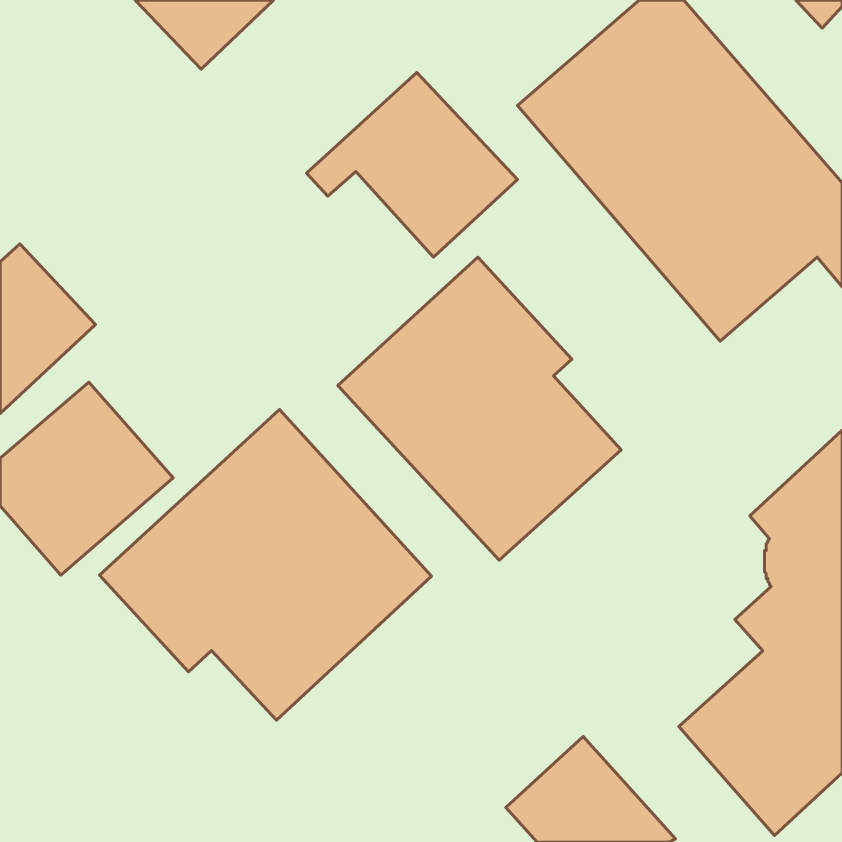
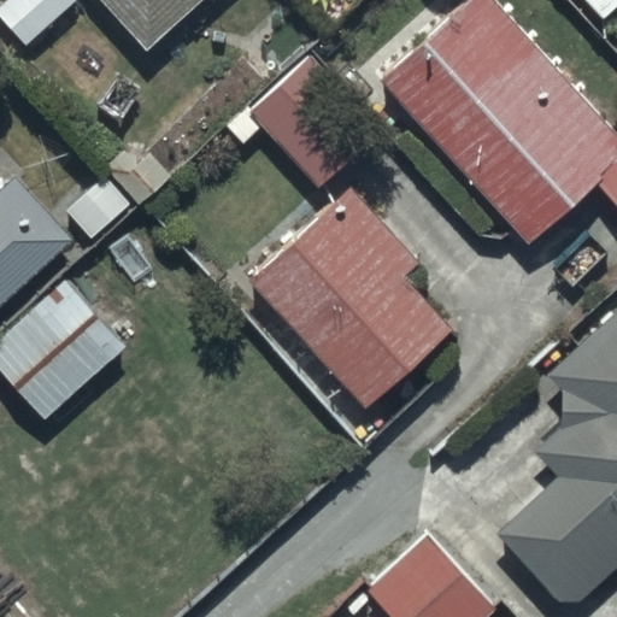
building: [99,409,431,720] -> none

